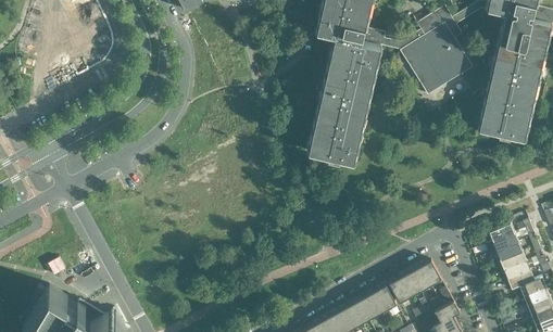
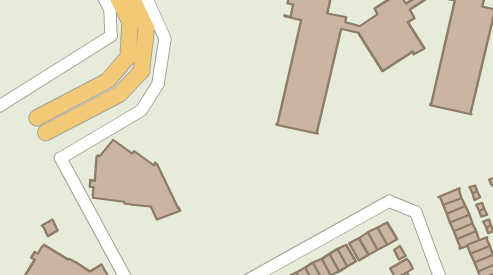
building: none -> [90,140,180,219]

